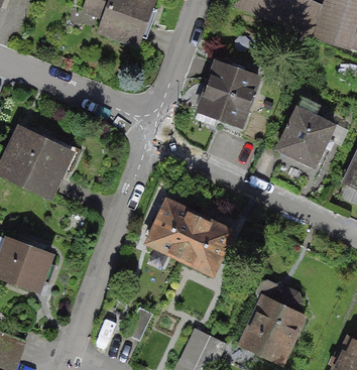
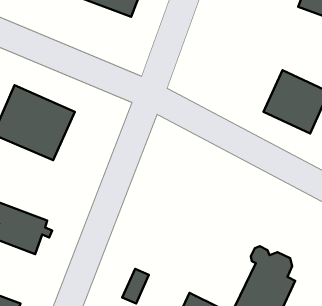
building: [196,55,257,129] -> none
building: [147,202,233,274] -> none

